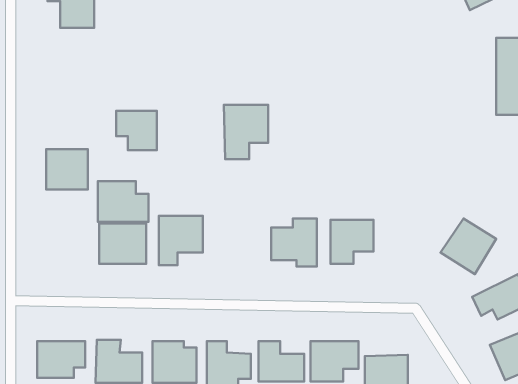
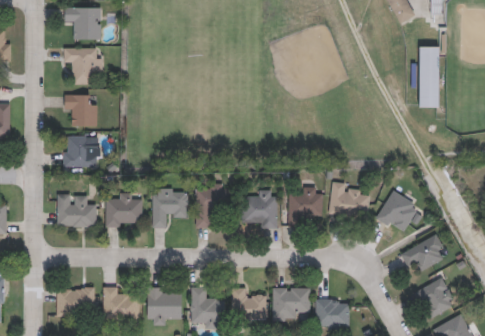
building: none -> [64,47,102,84]
building: [224,105,268,159] -> [195,184,230,227]
building: [116,111,157,150] -> [64,94,96,125]
building: [98,181,149,222] -> [56,195,96,227]
building: none -> [328,182,370,219]

